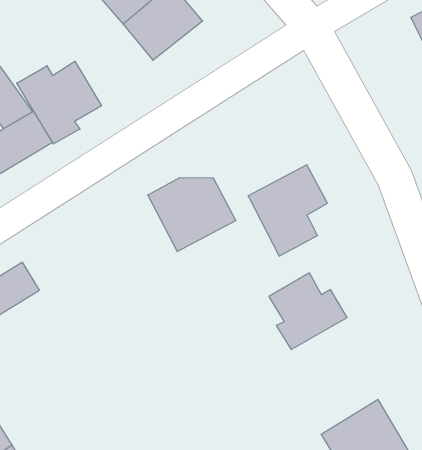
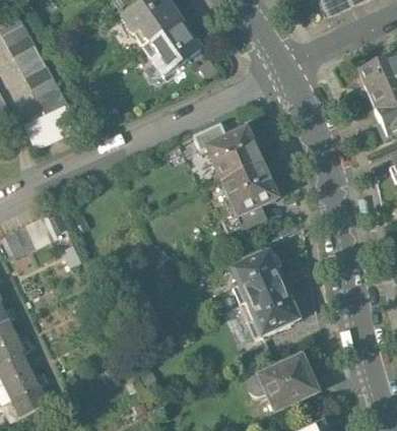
building: [17,61,101,144] -> none
building: [148,178,236,251] -> [204,131,268,186]
building: none -> [241,286,300,337]

